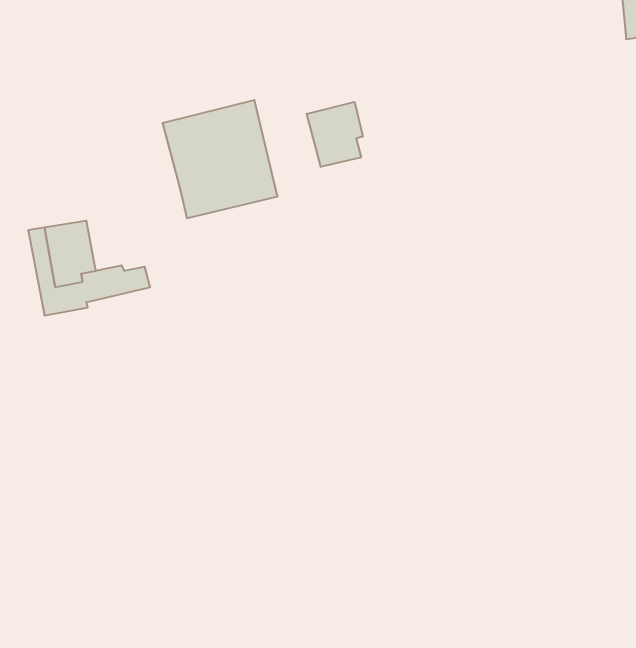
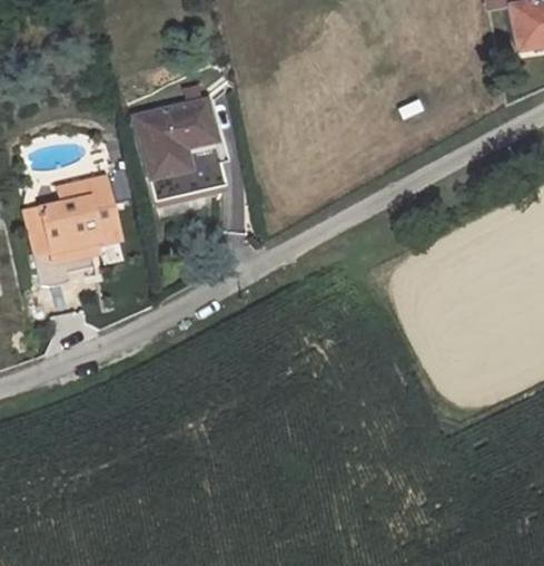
building: [307,102,363,167] -> none
building: none -> [70,179,120,240]

